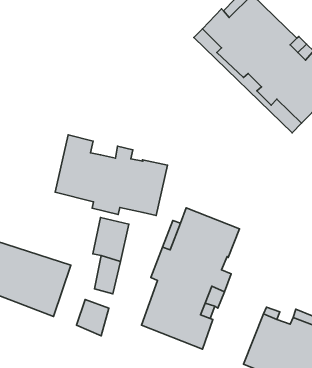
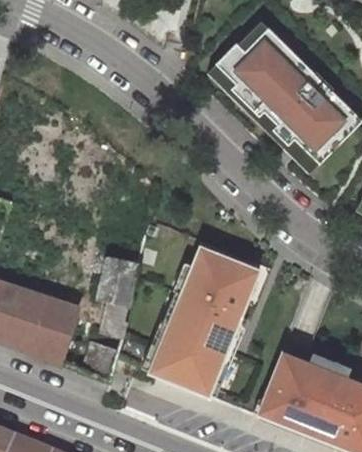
building: [55,135,167,216] -> none

